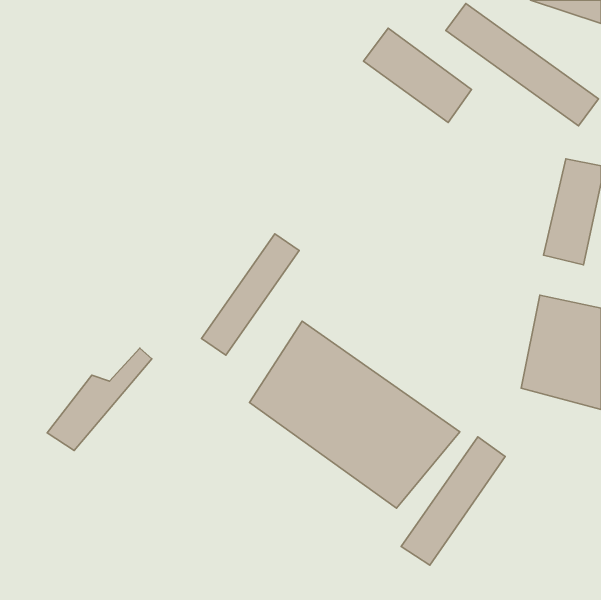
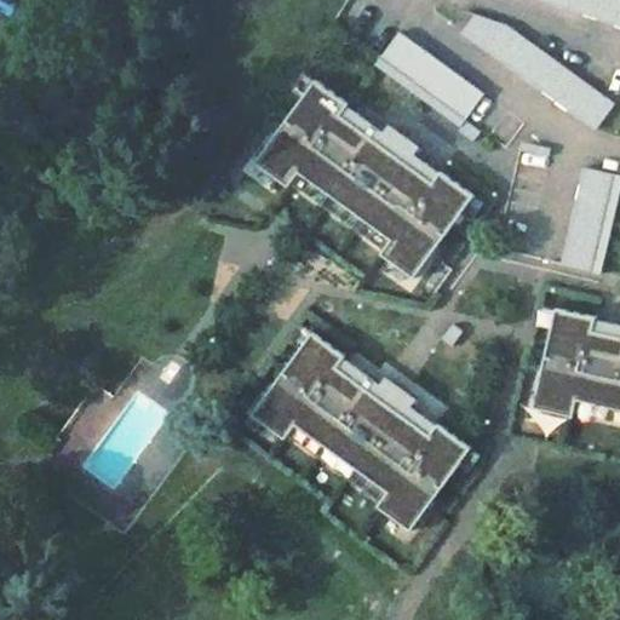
building: none -> [258,76,467,276]
building: [201,234,299,355] -> none
building: [401,437,505,565] -> none

